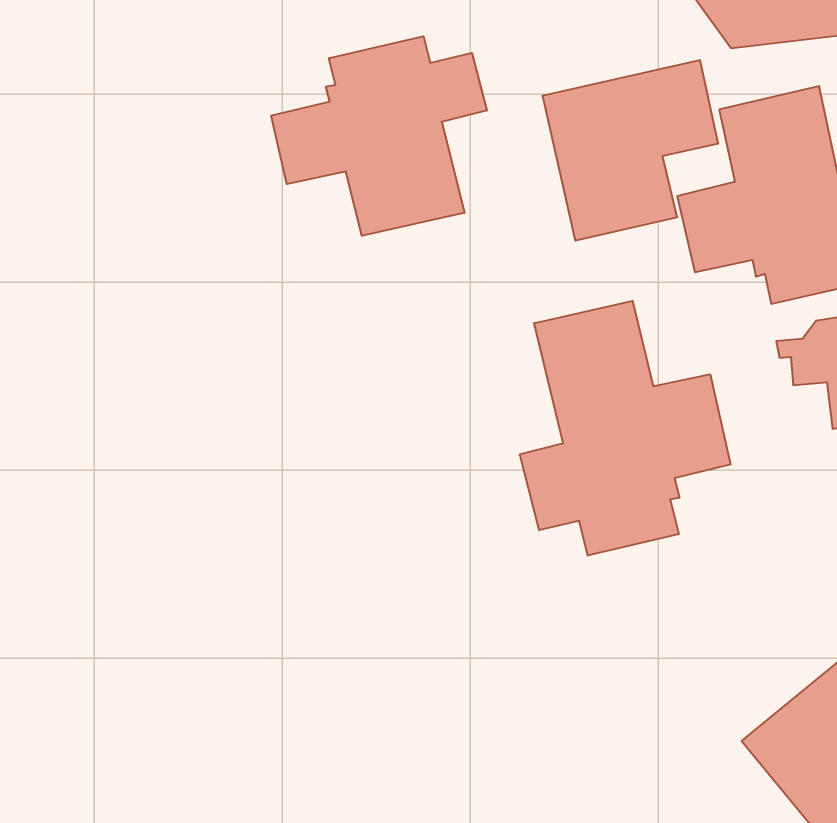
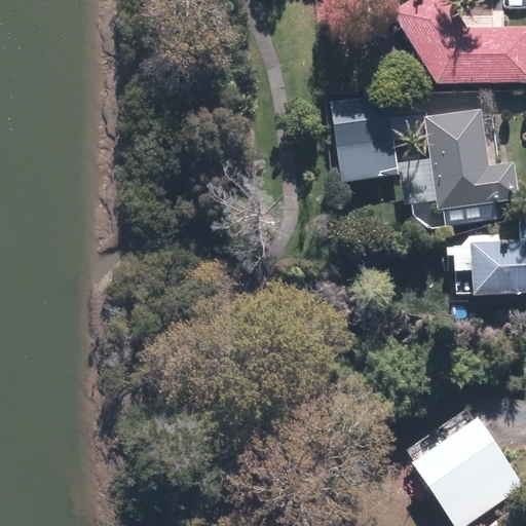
building: [271,36,487,236] -> none
building: [520,301,731,556] -> none

